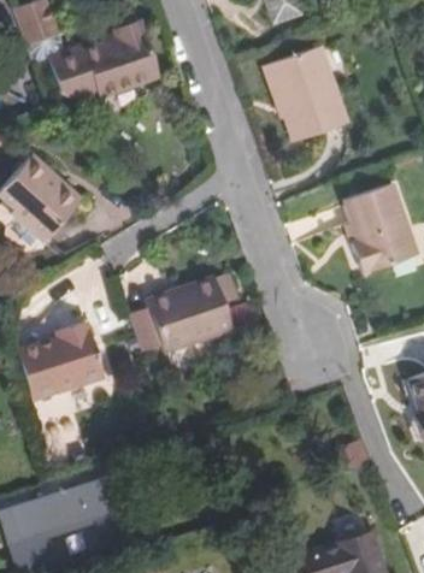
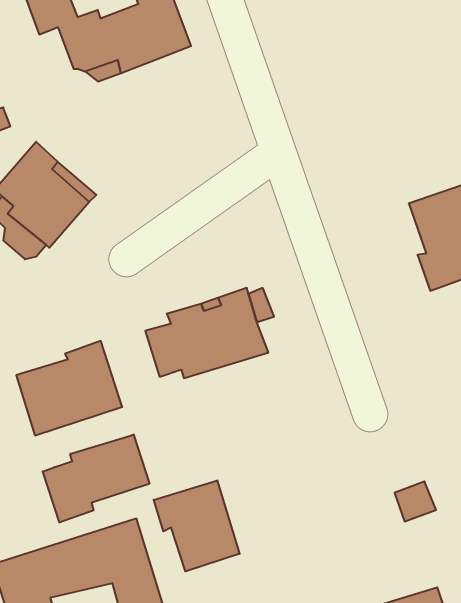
building: [265,47,349,143] -> none
building: none -> [43,434,149,522]
building: none -> [154,480,240,571]

